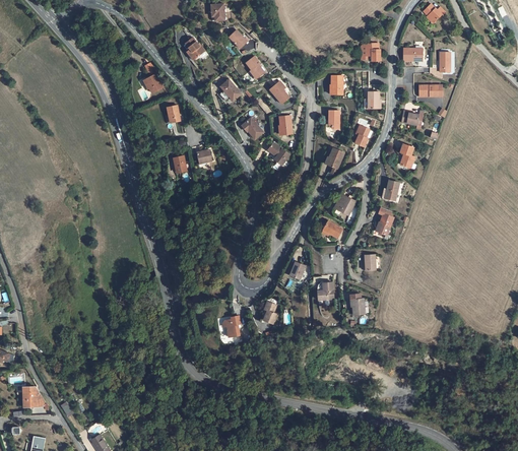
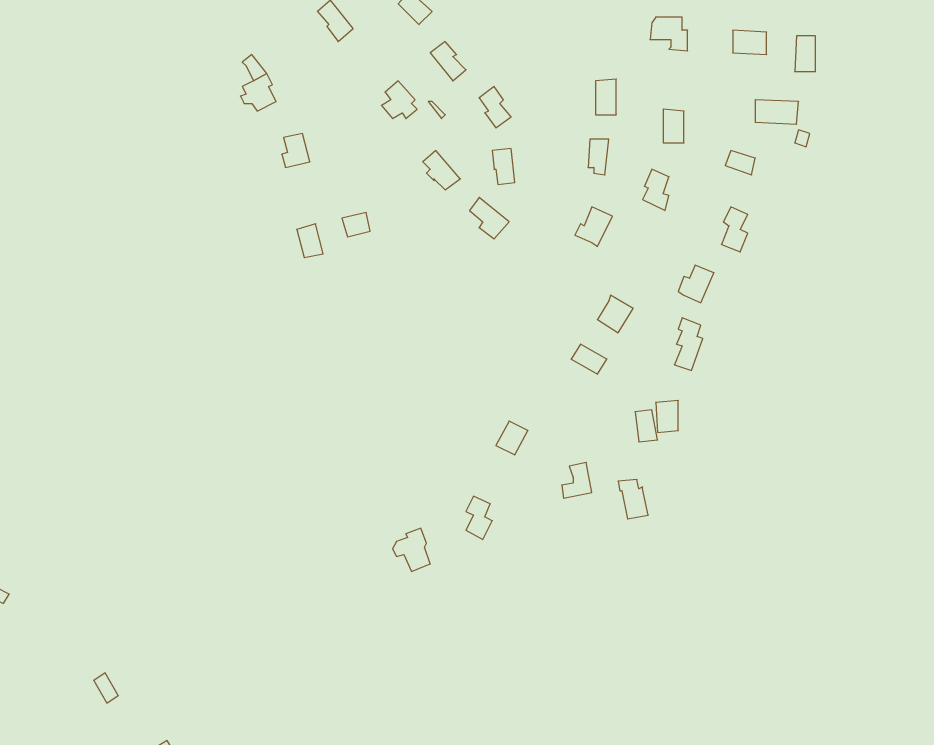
building: [24,386,49,407] -> none

